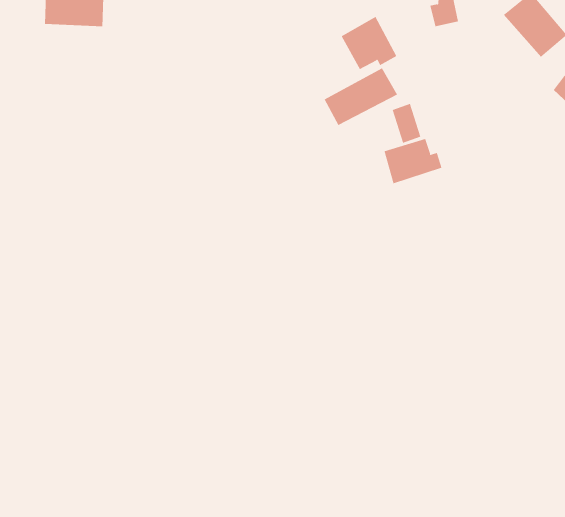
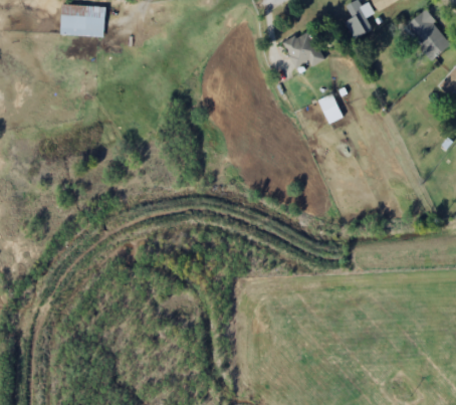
building: [324,68,398,126] -> none
building: [384,138,442,184] -> none

